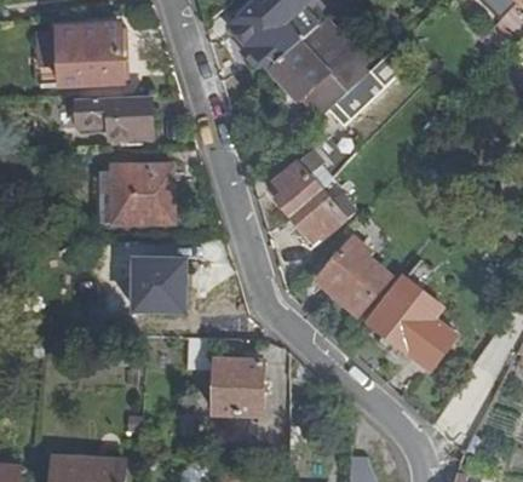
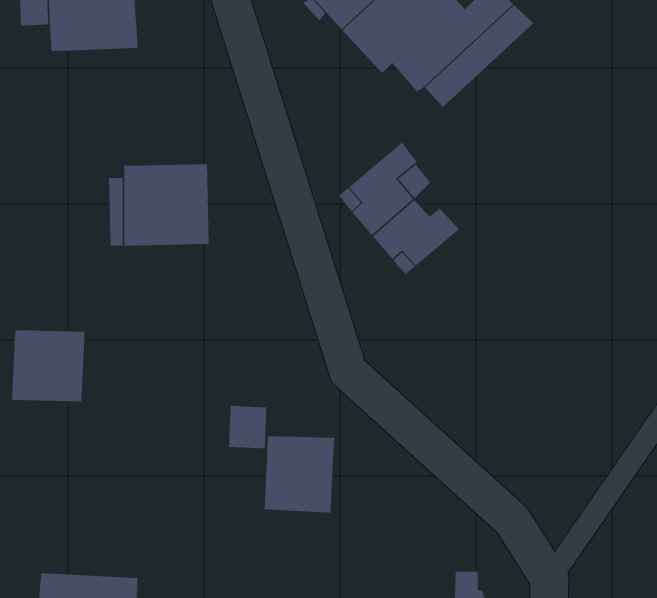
building: [76,96,153,138] -> none
building: [317,239,390,315] -> none
building: [133,259,186,311] -> [11,330,86,402]
building: [367,277,456,372] -> none

